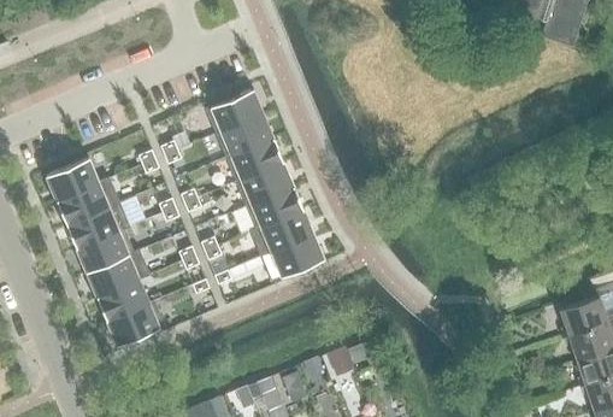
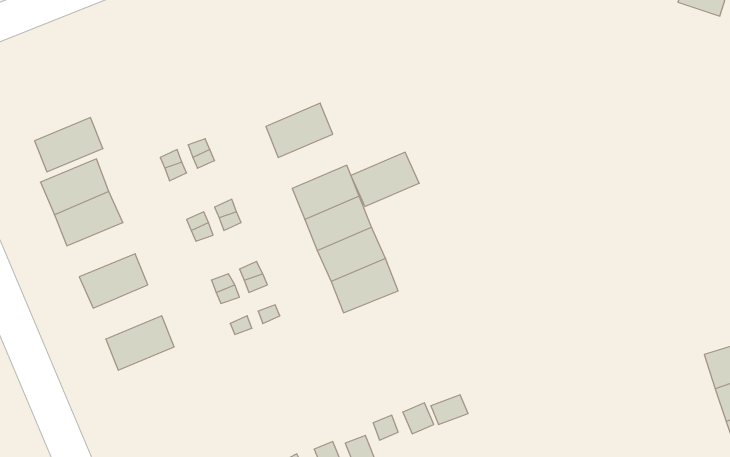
building: [210,88,263,131] -> none
building: [230,137,283,180] -> [351,152,419,207]
building: [66,206,119,248] -> [35,118,103,172]
building: [87,254,140,296] -> none
building: [106,303,160,345] -> none

